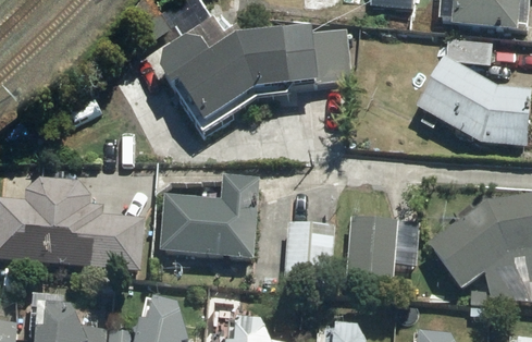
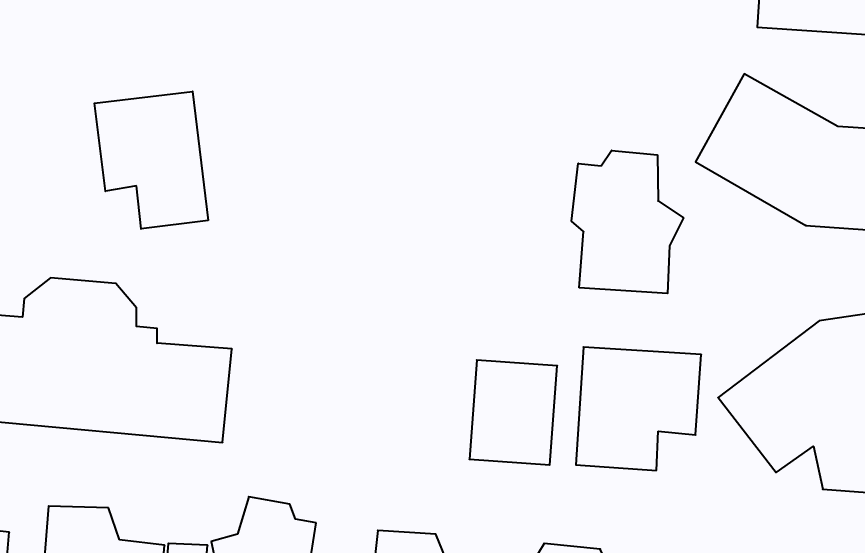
building: [159,26,351,125] -> none
building: none -> [94,91,208,229]
building: none -> [571,150,683,293]
building: [159,173,259,258] -> none

